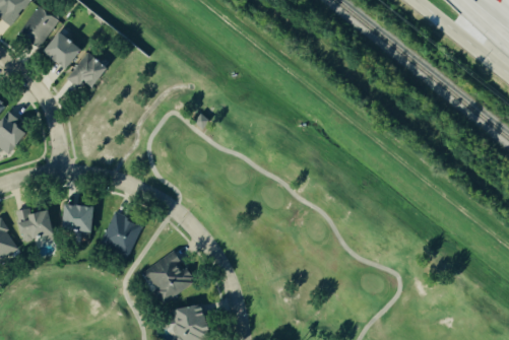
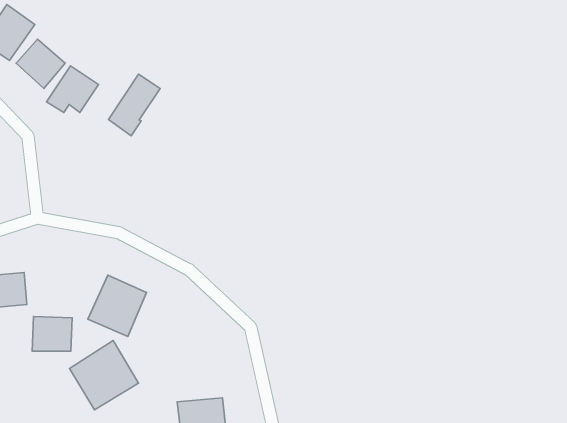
building: none -> [108,74,160,136]
building: [61,204,91,230] -> [32,317,72,351]
building: [142,251,195,303] -> [69,340,139,410]

